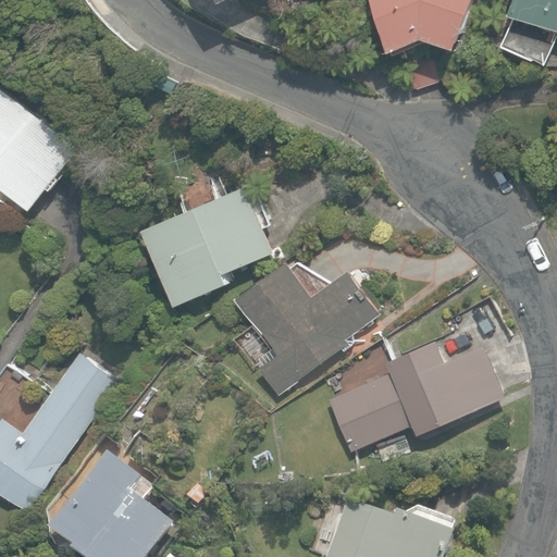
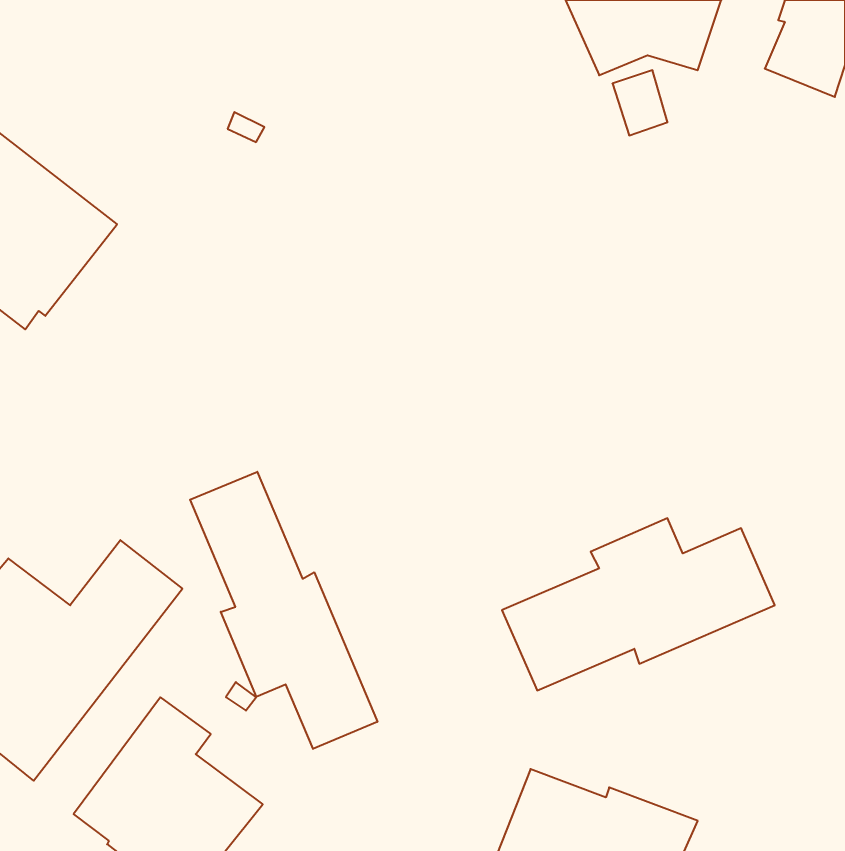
building: [143,183,273,306] -> none
building: [235,261,379,395] -> none
building: none -> [190,472,377,749]

